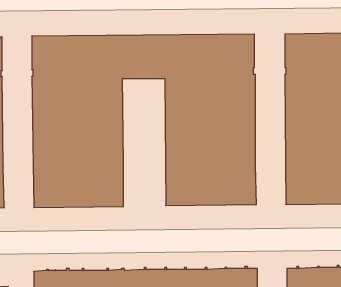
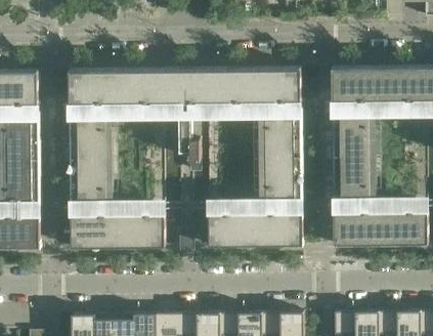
building: none -> [172,115,201,248]

